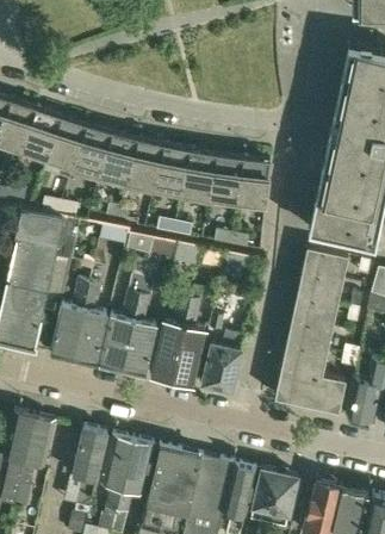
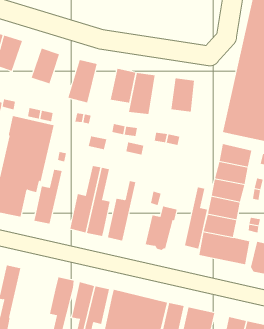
building: [23,108,62,159] -> none
building: [70,126,113,186] -> none
building: [125,139,164,199] -> none
building: [209,155,243,210] -> none
building: [74,285,107,364] -> none
building: [173,300,205,385] -> [184,187,208,249]
building: [19,417,55,486] -> none

